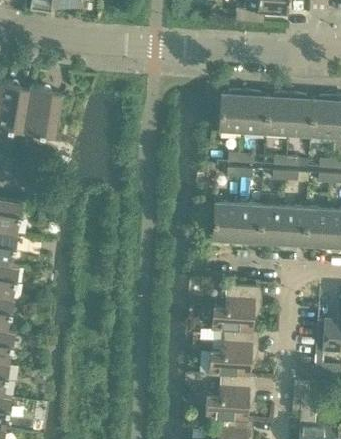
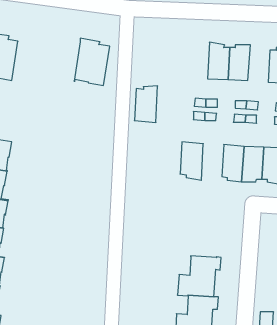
building: [22,86,62,139] -> [74,38,110,85]
building: [218,91,244,132] -> [134,86,158,122]
building: [287,94,312,136] -> none
building: [235,205,260,246] -> none
building: [211,286,260,333] -> none

